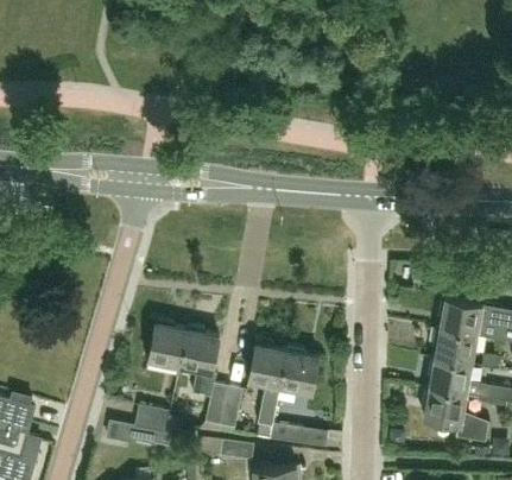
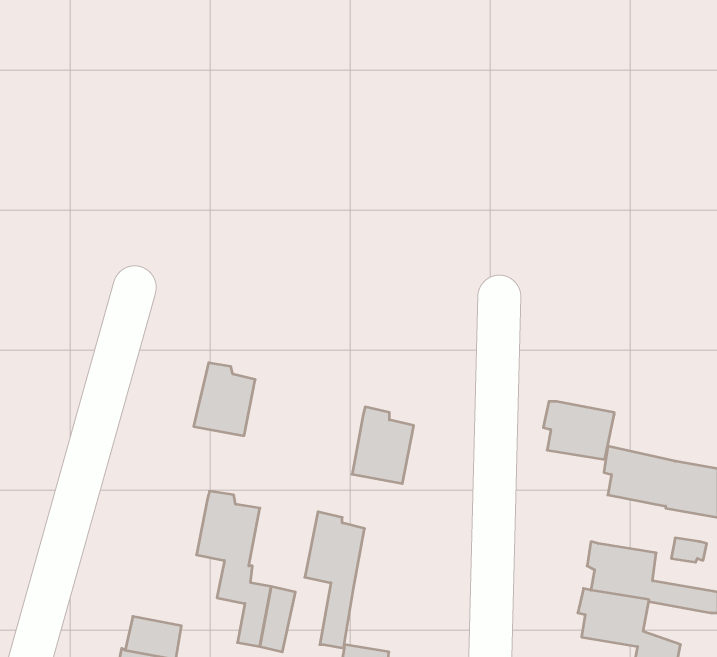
building: [147,321,187,367] -> [194,363,255,436]
building: [432,329,478,366] -> [543,401,614,459]
building: [279,346,318,394] -> [352,407,414,484]

